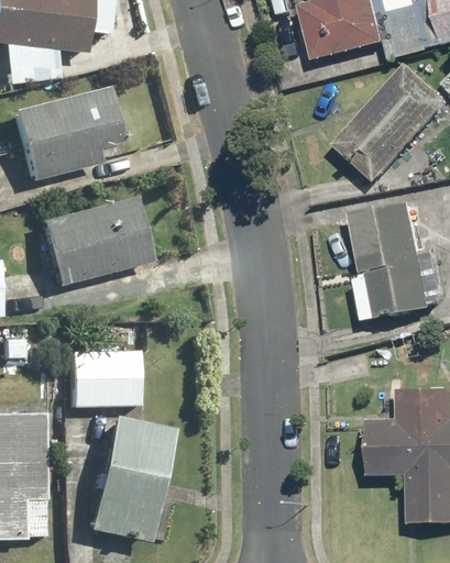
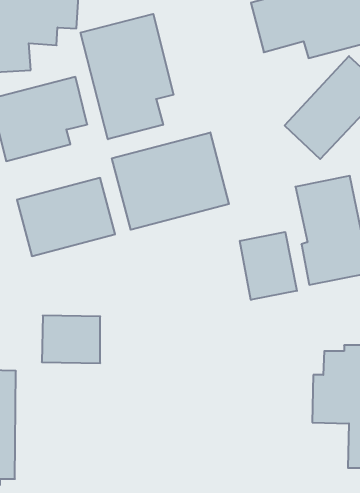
building: none -> [81,14,174,139]
building: none -> [112,132,229,230]
building: none -> [240,232,297,300]
building: [88,419,168,543] -> none

